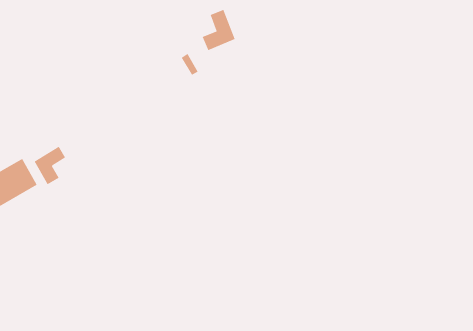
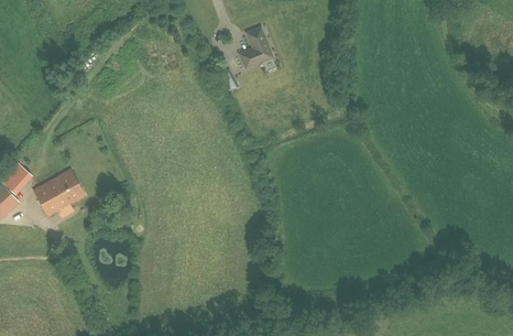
building: [34,146,66,185] -> none

